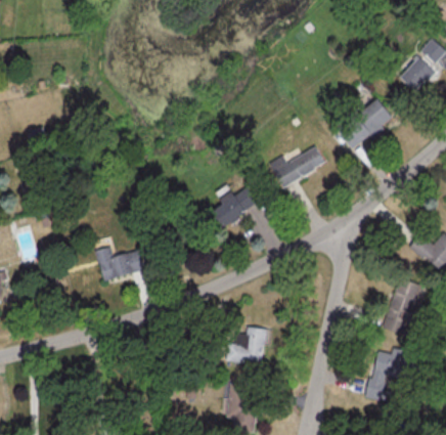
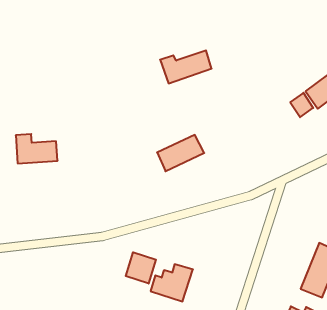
building: [270,145,326,187] -> [160,50,212,83]
building: [95,247,144,280] -> [16,134,58,163]
building: none -> [126,252,156,284]

